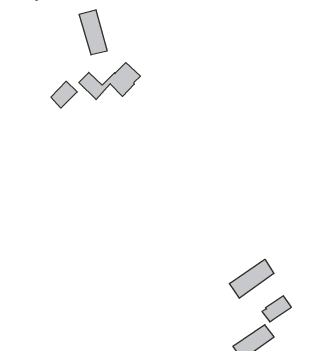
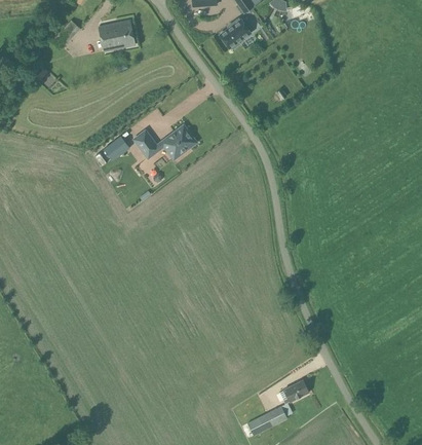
building: [79,10,107,55] -> none
building: [229,259,274,298] -> none

